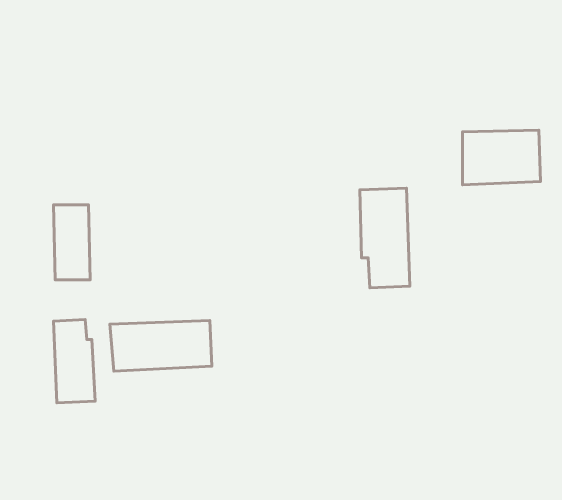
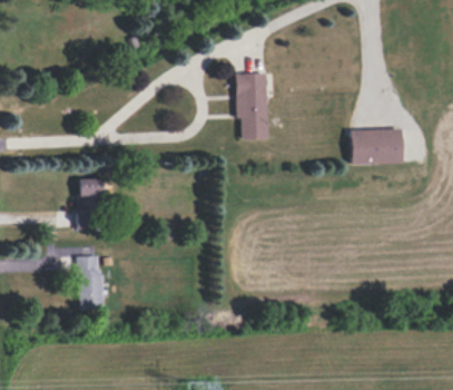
building: [360,188,410,288] -> [235,72,268,139]
building: [110,320,212,371] -> none

